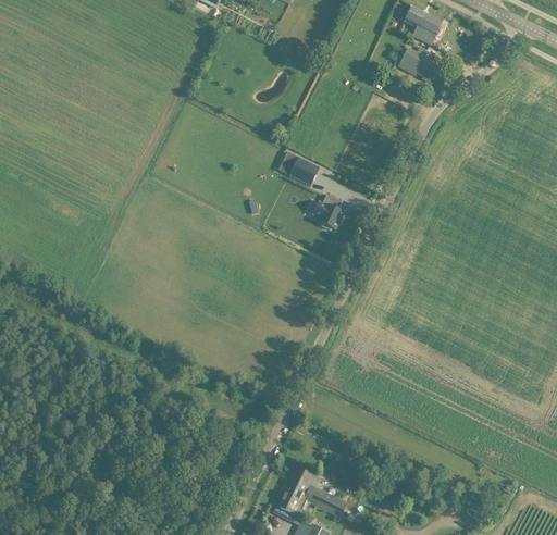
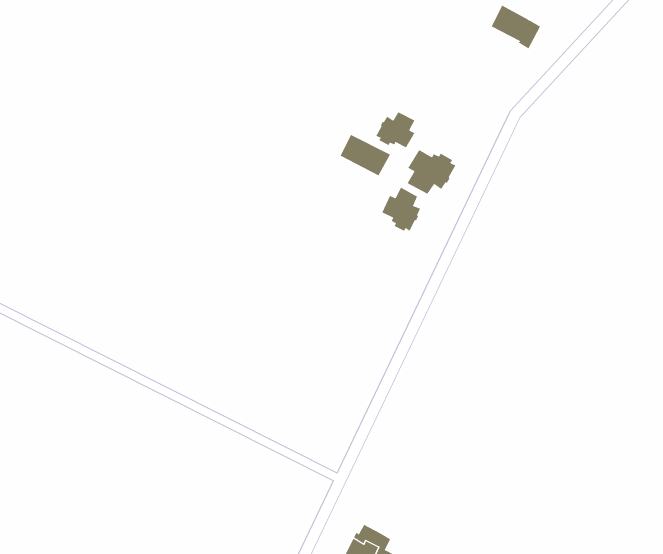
building: none -> [376,112,415,148]
building: none -> [407,149,456,195]

